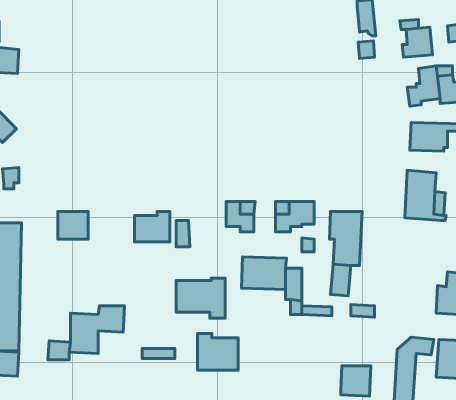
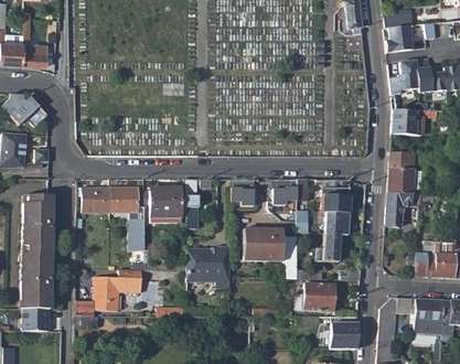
building: none -> [109,186,145,249]
building: none -> [385,192,419,226]
building: none -> [304,282,333,311]
building: [197,333,238,370] -> none

